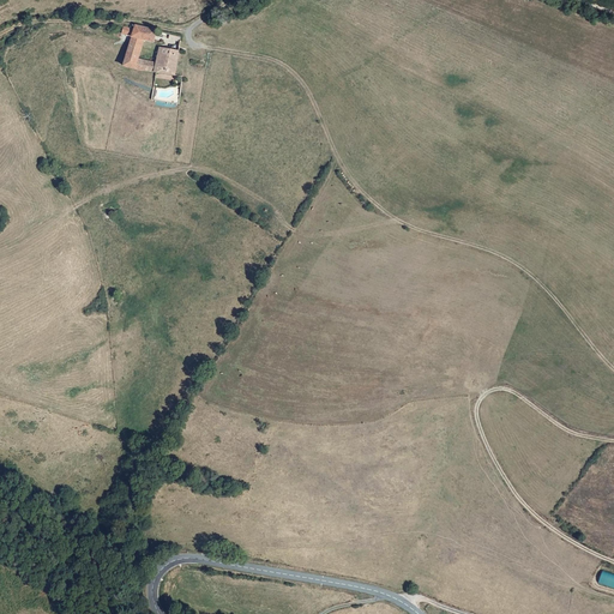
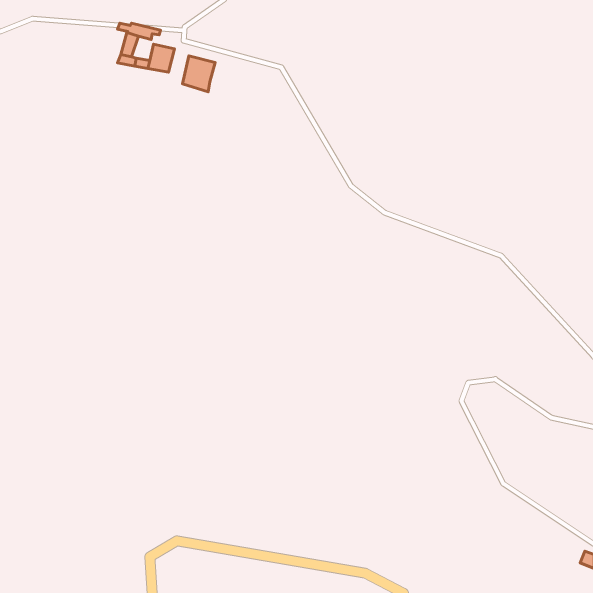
building: none -> [182,56,215,92]

